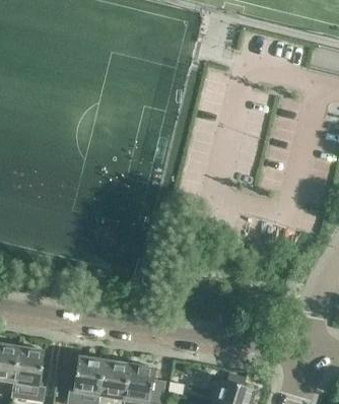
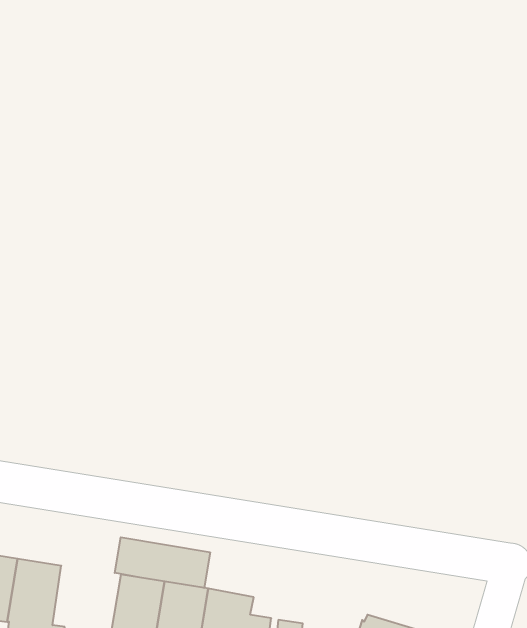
building: none -> [115,537,210,588]

